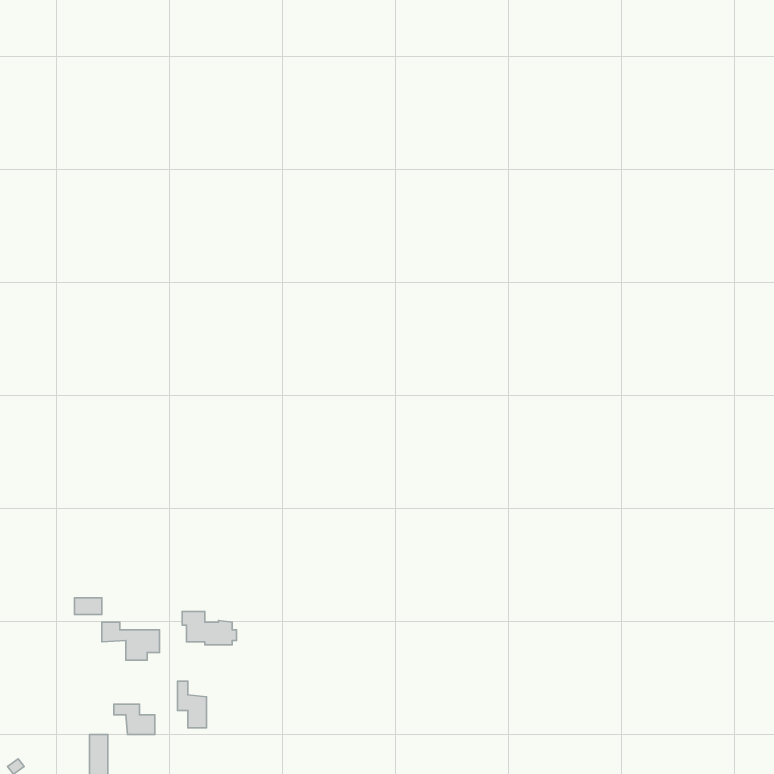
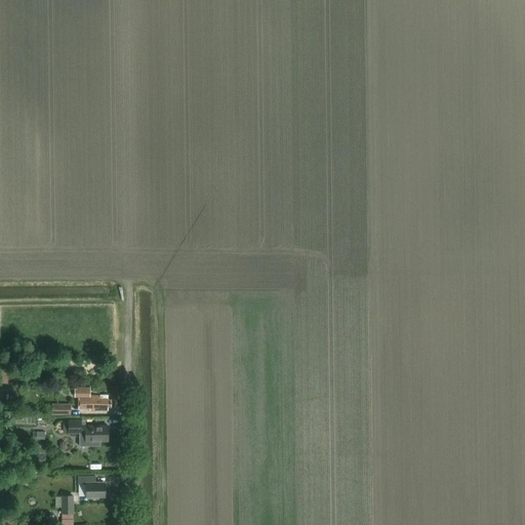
building: [182,612,237,645] -> [74,389,111,411]
building: [178,681,207,728] -> none

